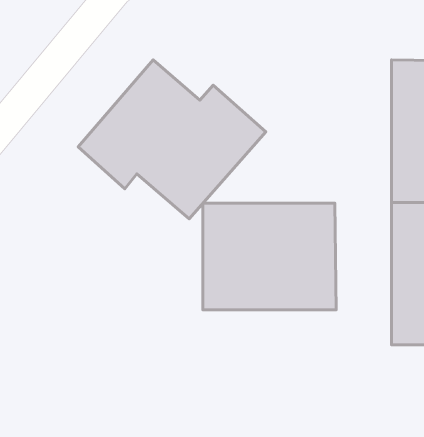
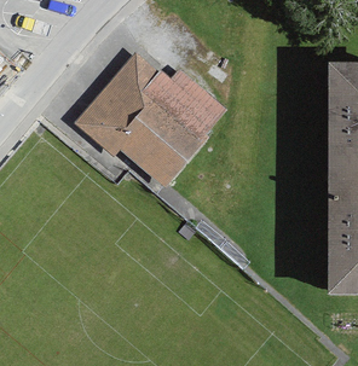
building: [203,203,336,310] -> none

